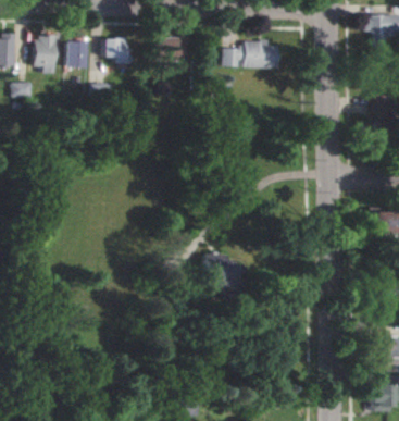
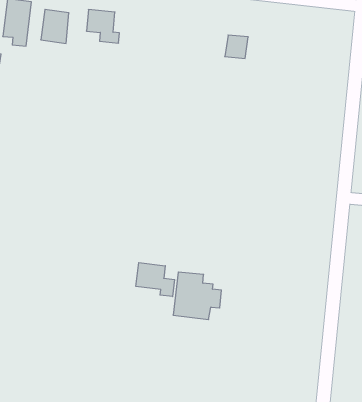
building: [157,37,187,61] -> none
building: [247,40,282,69] -> none
building: none -> [136,263,175,297]

